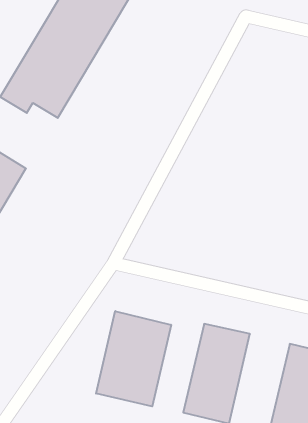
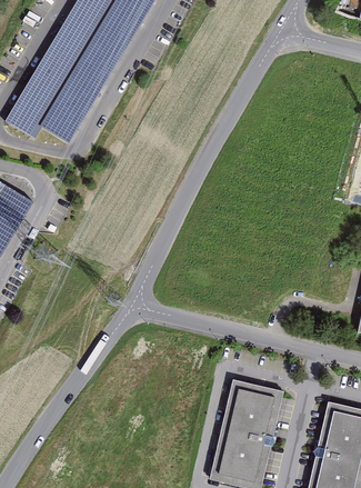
building: [96,311,171,406] -> none

